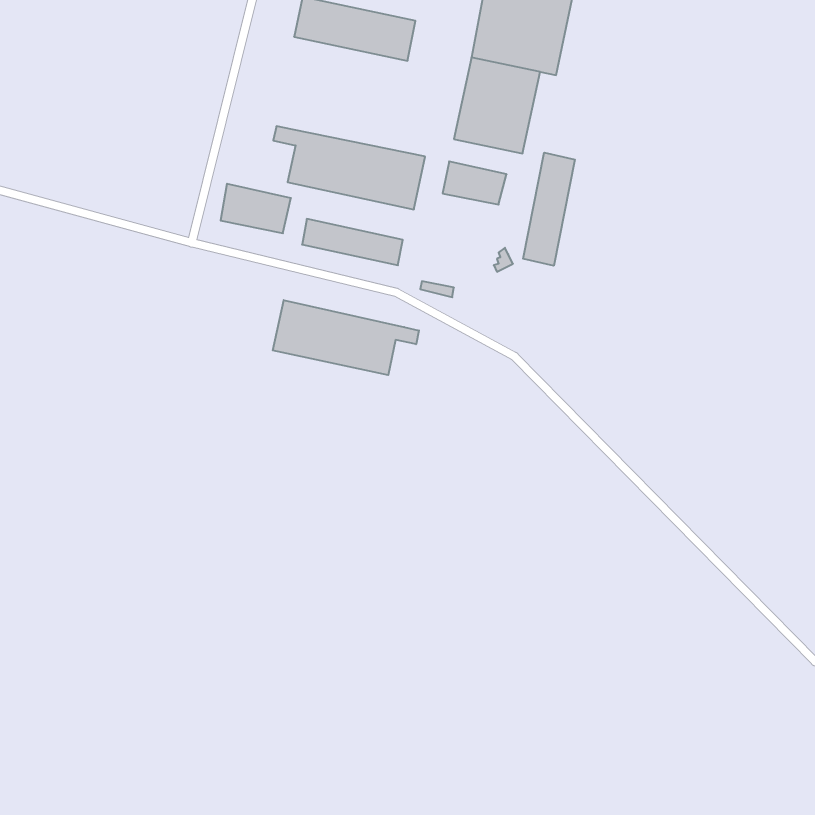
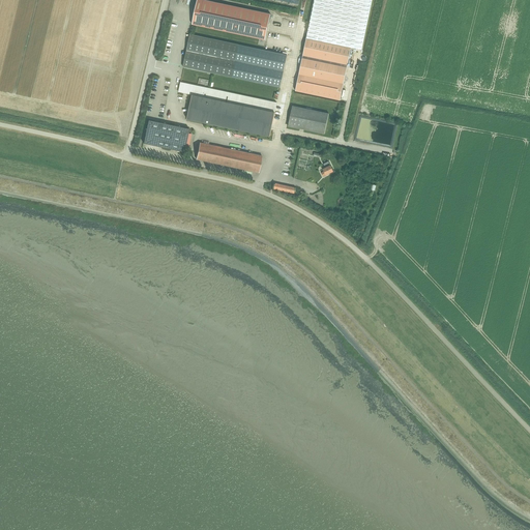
building: none -> [183,34,286,87]
building: [523,153,575,266] -> none
building: [273,300,419,375] -> none

